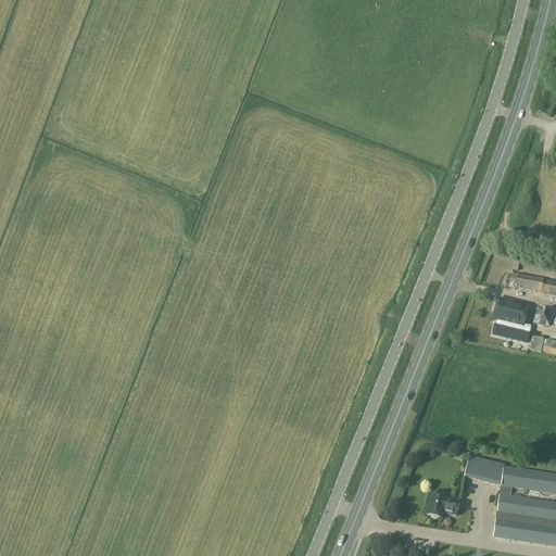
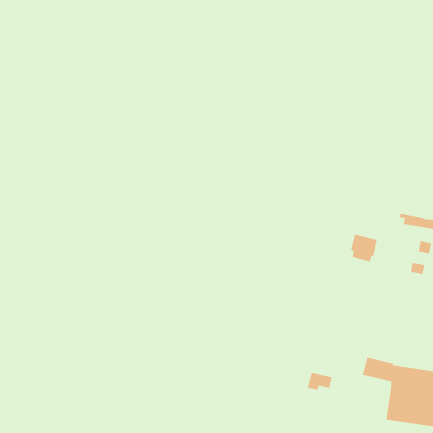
building: [494,296,529,333] -> [350,234,377,263]
building: [428,493,460,517] -> [307,372,332,391]

